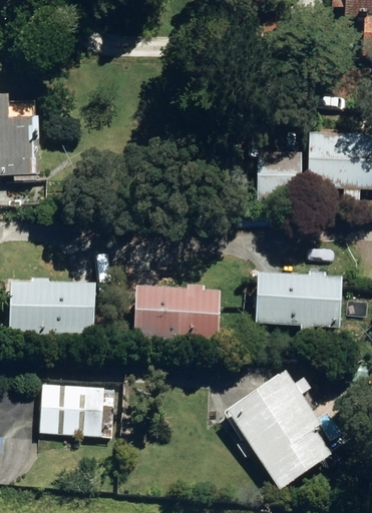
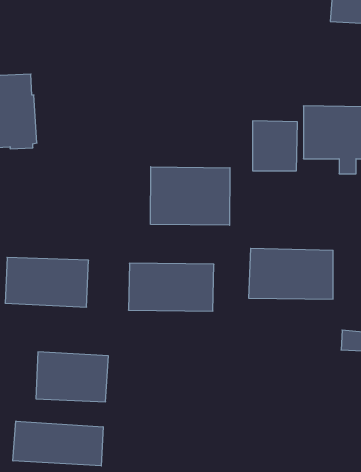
building: none -> [151,167,230,225]
building: [227,372,334,489] -> none
building: none -> [13,421,103,466]

